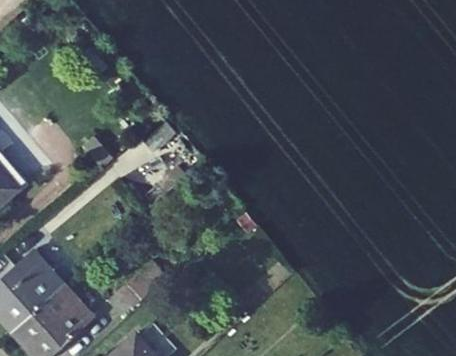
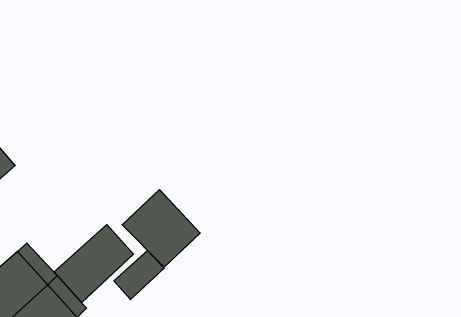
building: none -> [122,190,200,267]
building: none -> [54,225,134,303]

